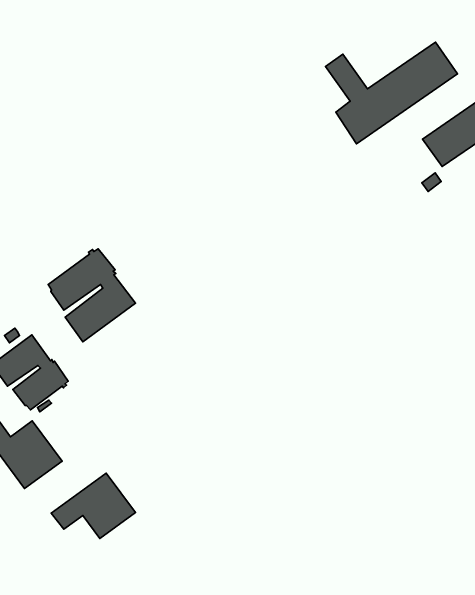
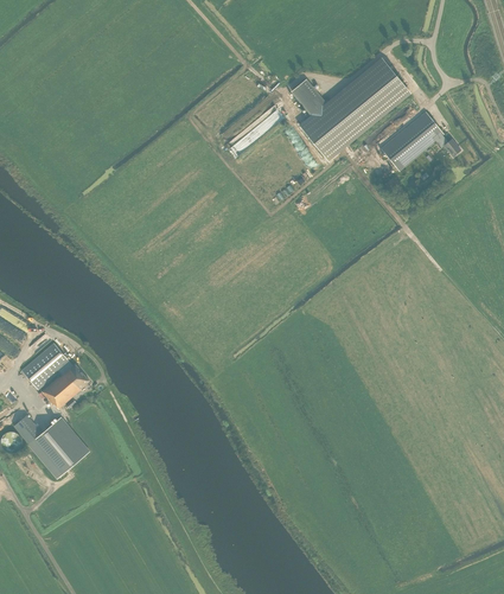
building: [48,249,135,342] -> none
building: [51,473,135,539] -> none

